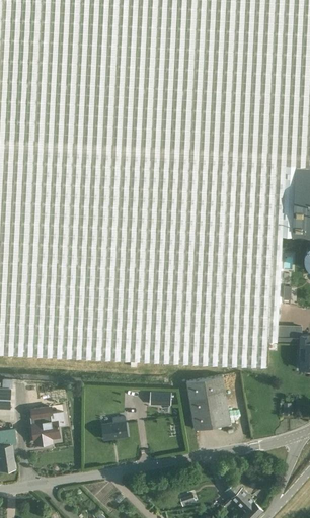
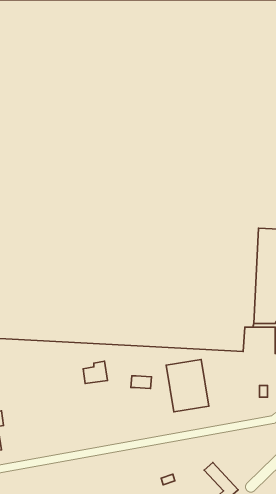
building: [29,407,65,443] -> none
building: [101,417,127,440] -> [83,361,107,383]

